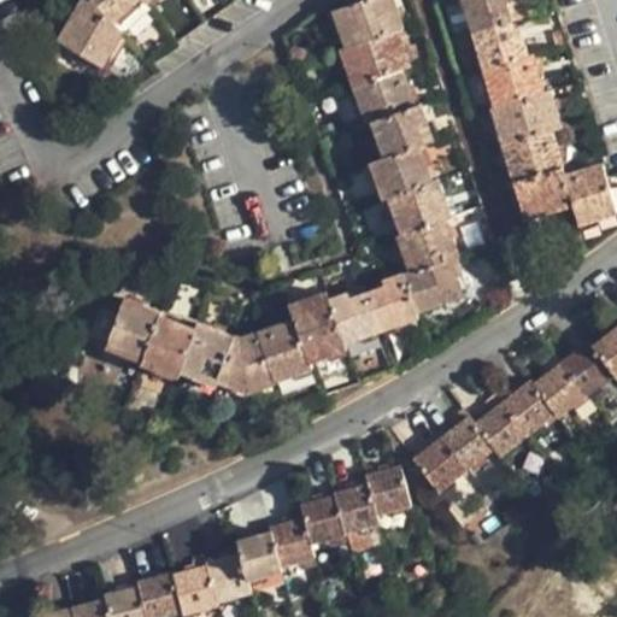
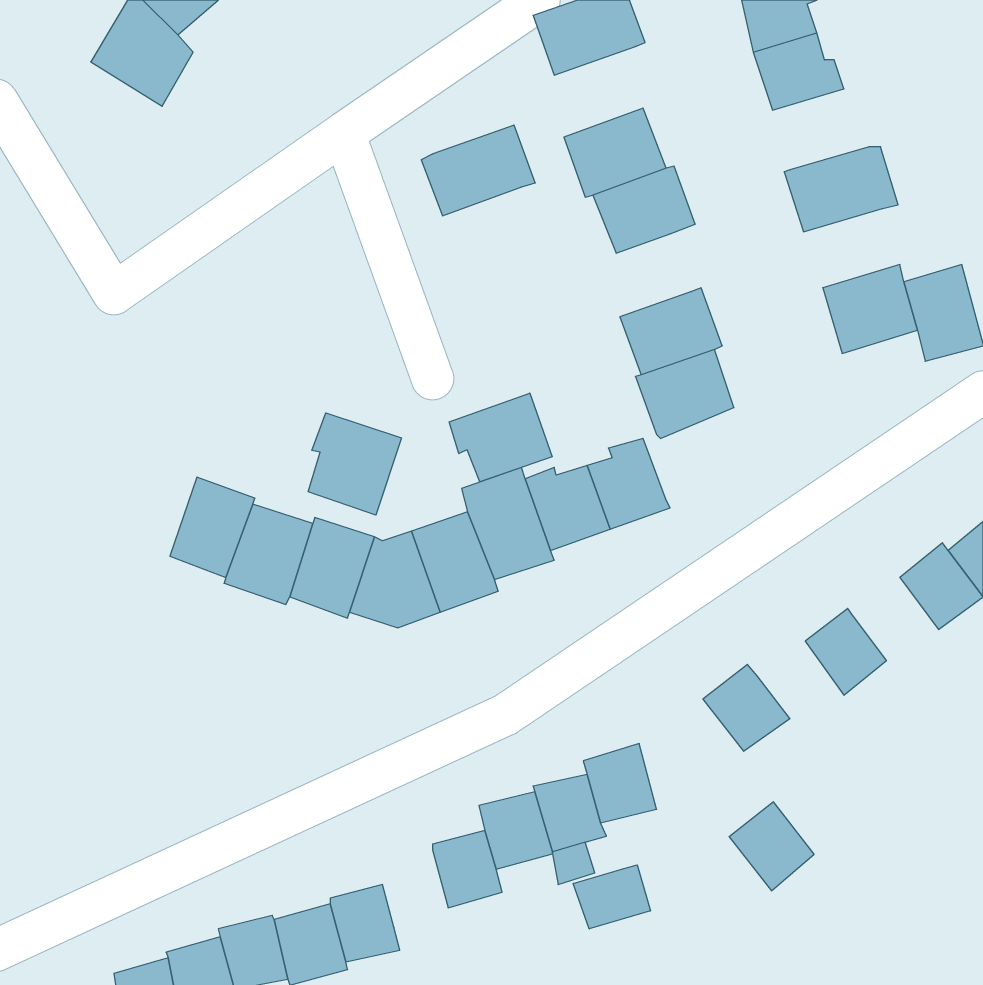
building: [339,30,410,87] -> [421,125,535,216]
building: [482,57,542,107] -> none
building: [501,131,562,182] -> none
building: [369,147,431,200] -> none
building: none -> [449,393,552,482]
building: none -> [308,413,402,515]
building: [401,259,463,313] -> none
building: [531,362,586,417] -> none
building: [472,401,527,456] -> none
building: [411,437,464,493] -> [729,802,814,891]
building: [236,531,281,580] -> none
building: none -> [573,865,650,929]

